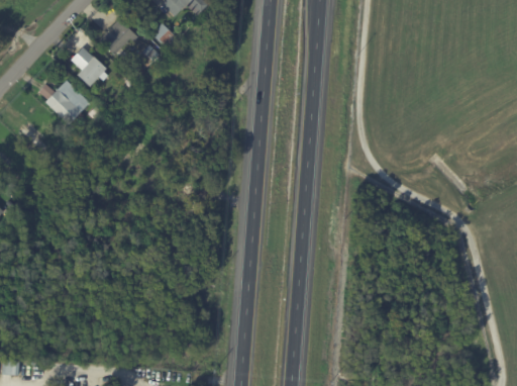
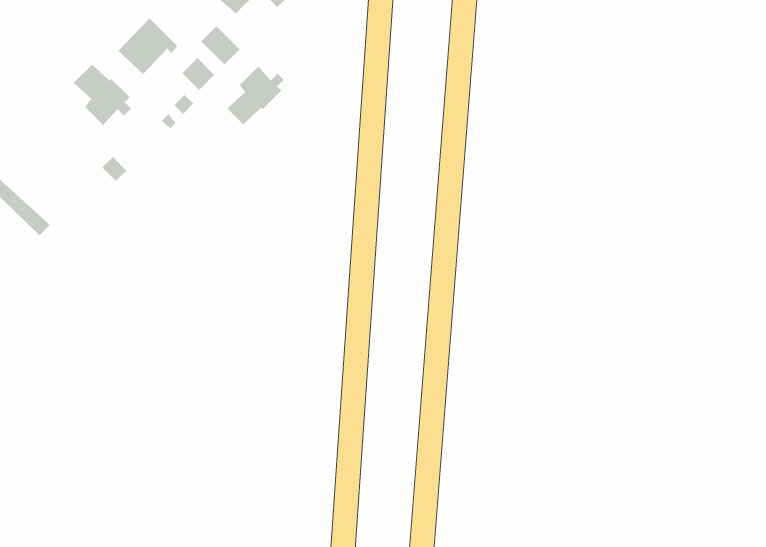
building: none -> [226,65,284,125]
building: [37,79,88,123] -> none

